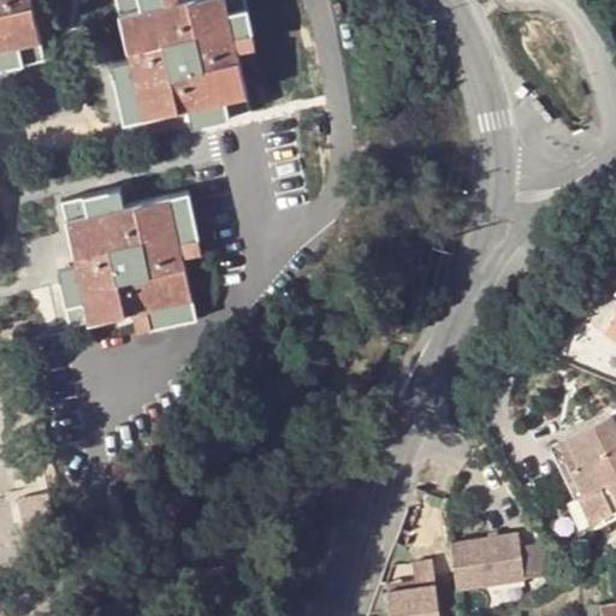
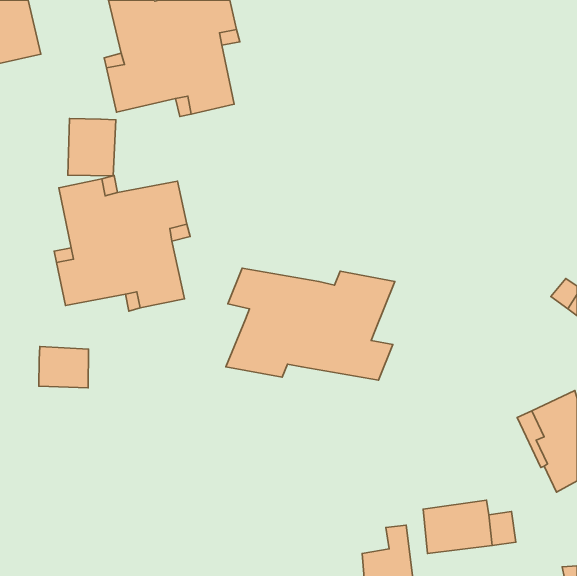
building: none -> [68,119,116,176]
building: none -> [226,268,395,380]
building: none -> [39,347,89,388]

